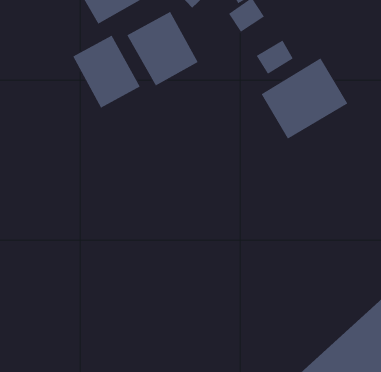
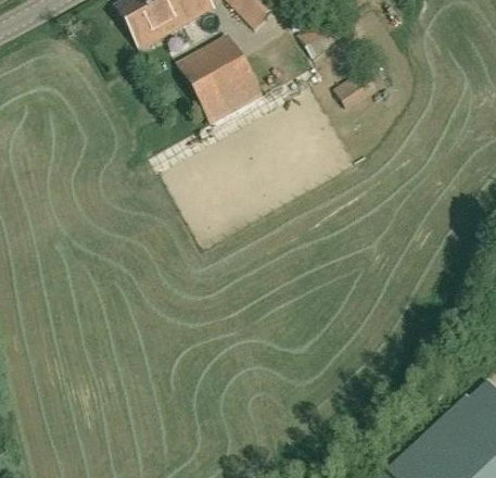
building: [72,35,141,109] -> none
building: [261,58,348,139] -> none

